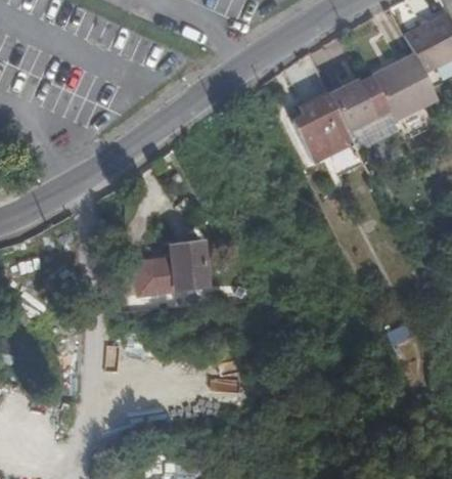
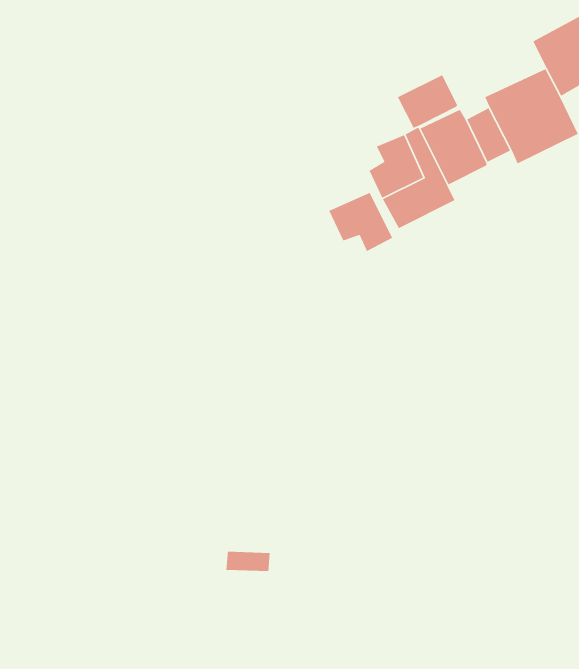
building: none -> [397,74,458,129]
building: none -> [328,192,393,252]
building: [138,238,208,289] -> none

